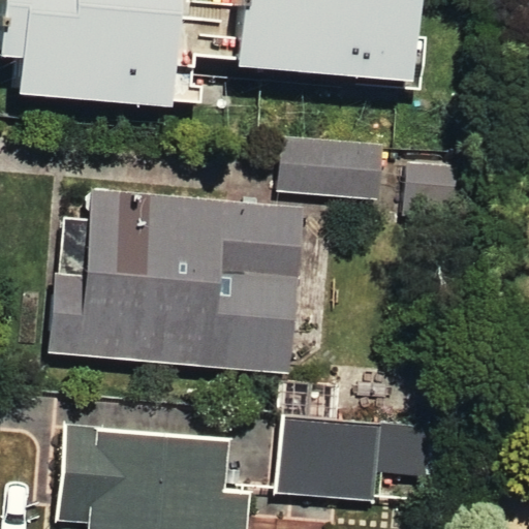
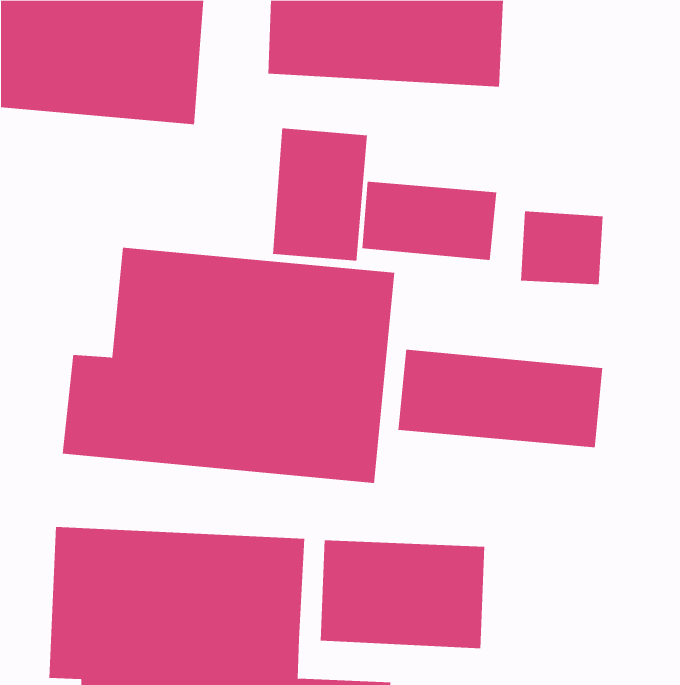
building: none -> [272,128,367,262]
building: none -> [398,349,603,448]

